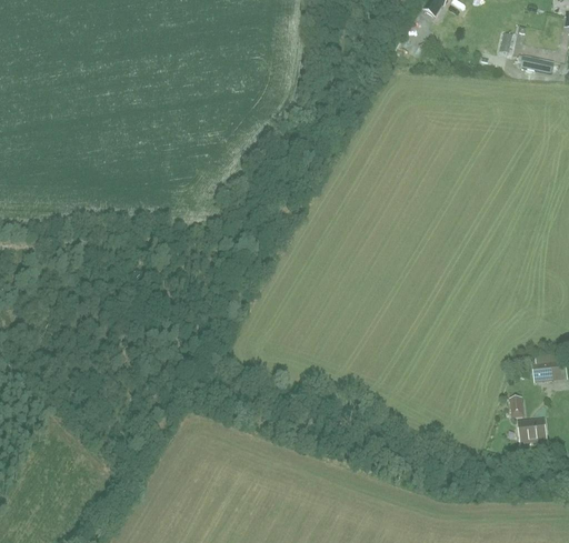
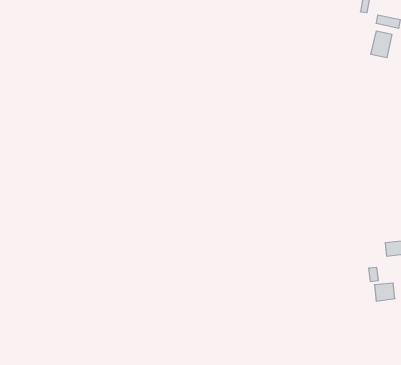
building: none -> [371,31,392,58]

